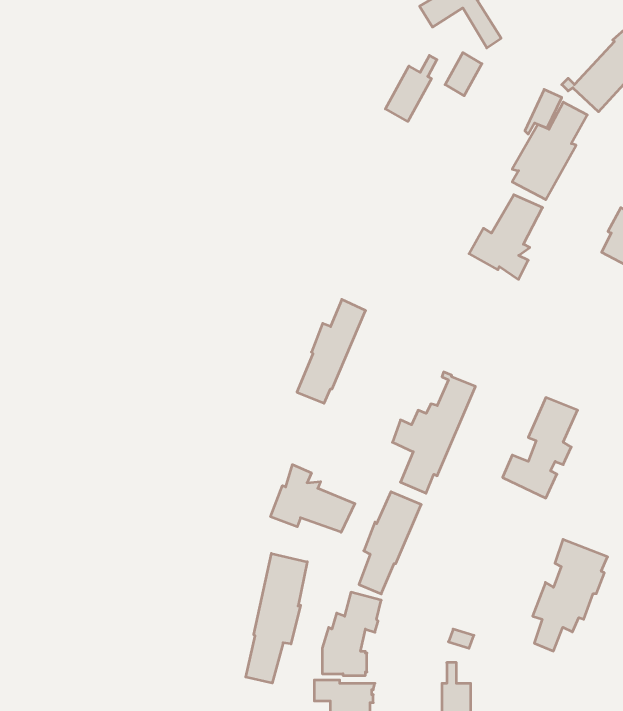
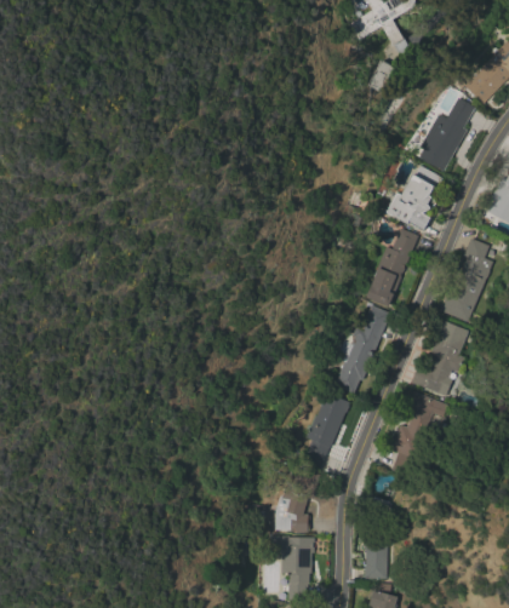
building: [385,55,437,121] -> none
building: none -> [440,239,491,321]
building: [297,299,366,403] -> [366,228,418,306]
building: [271,465,355,532] -> none
building: [533,539,608,651] -> [390,391,447,476]
building: [246,553,307,683] -> none

